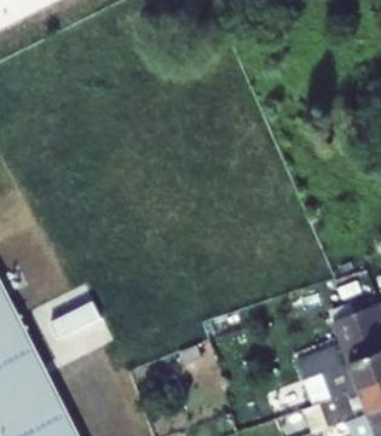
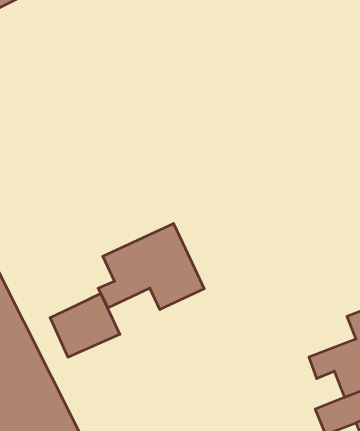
building: none -> [98,223,204,310]

